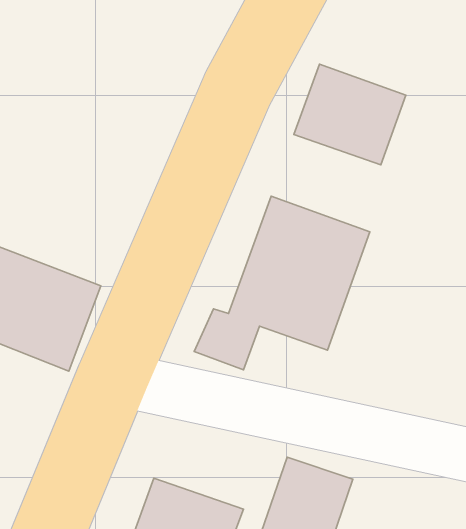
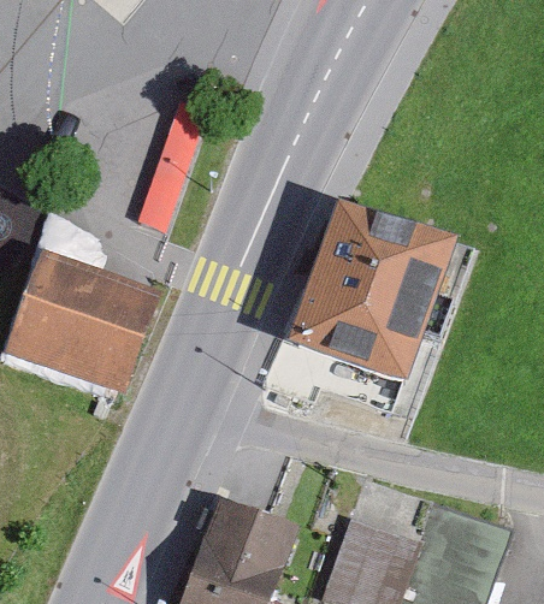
building: [294,64,406,165] -> none

